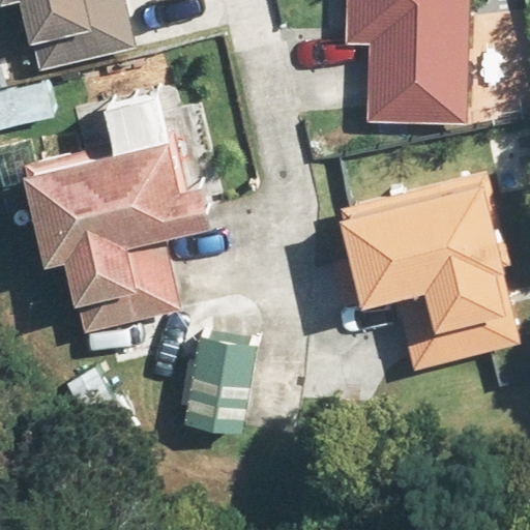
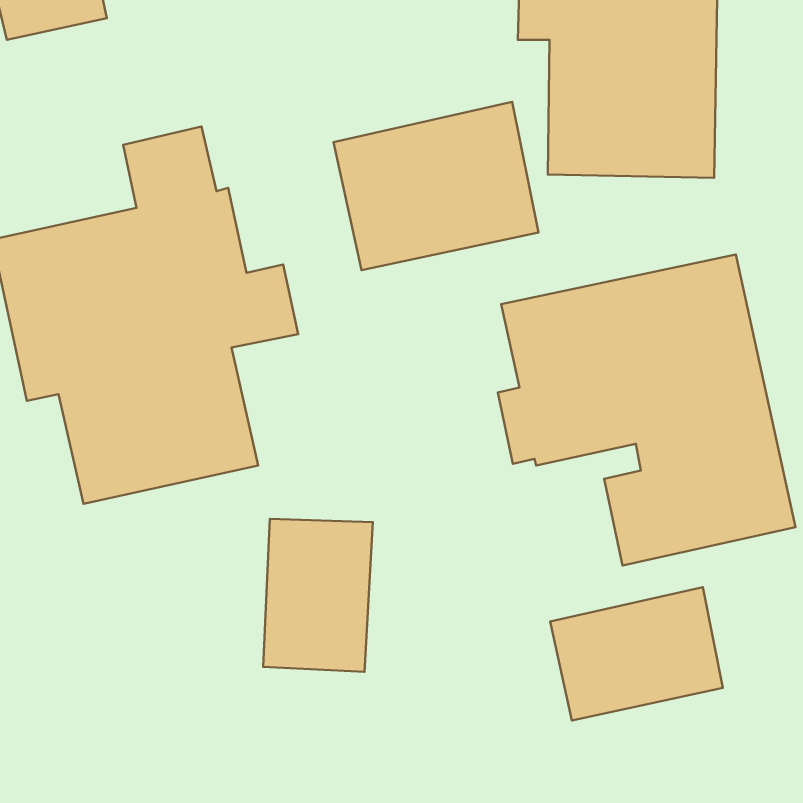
building: none -> [333,102,539,270]
building: none -> [550,587,723,720]

